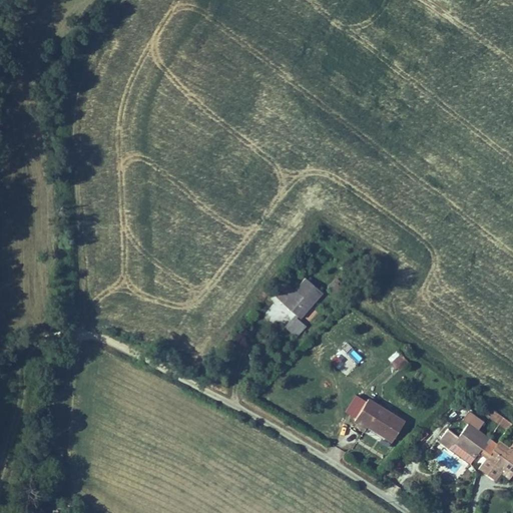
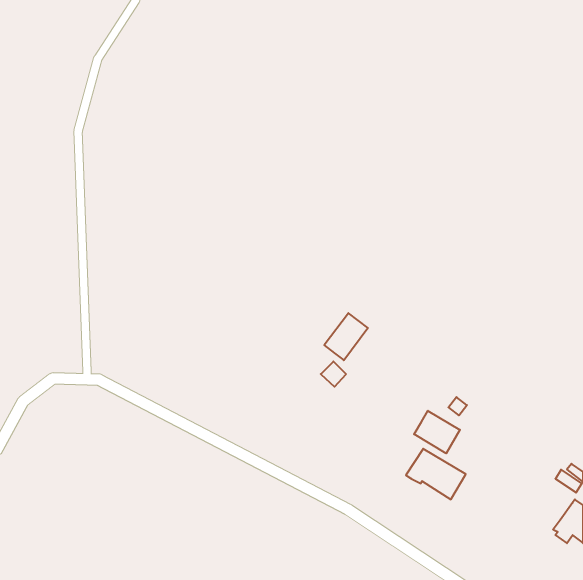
building: none -> [414,411,460,453]
building: [437,409,499,461] -> none

